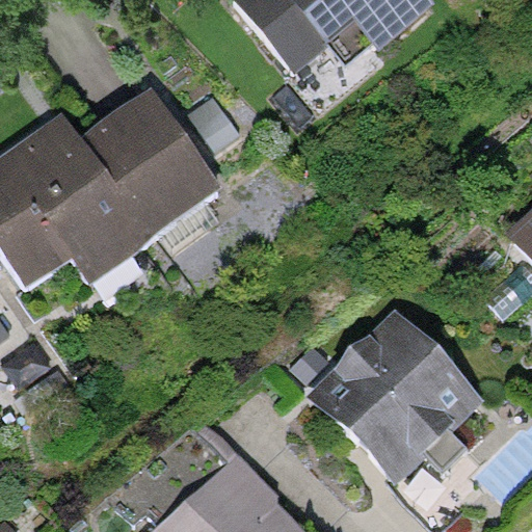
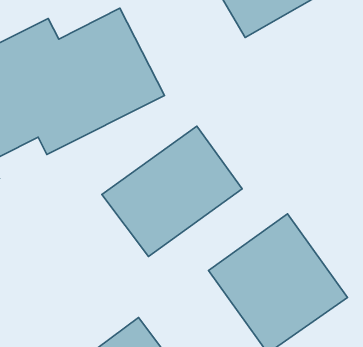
building: none -> [102,126,242,256]

